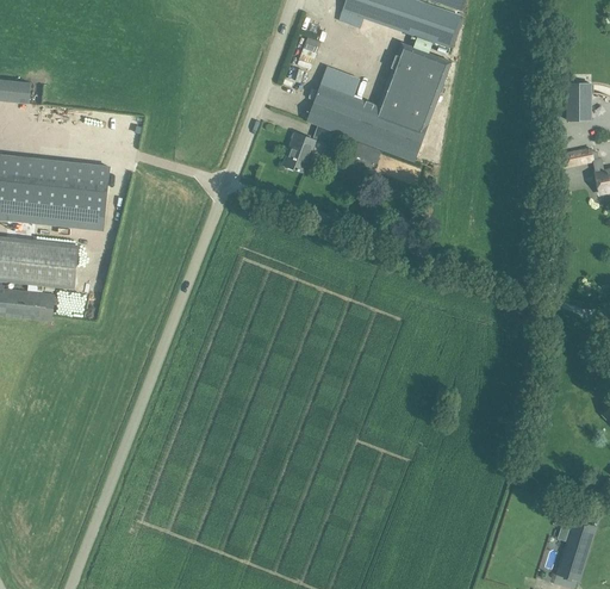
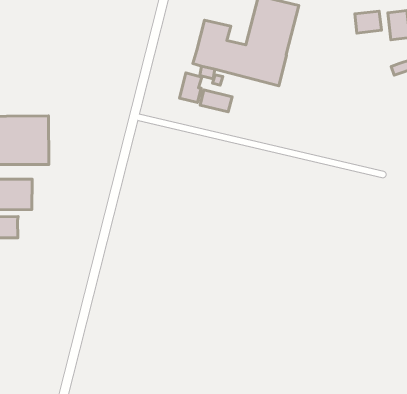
building: none -> [355,11,381,33]
building: none -> [200,90,232,112]

